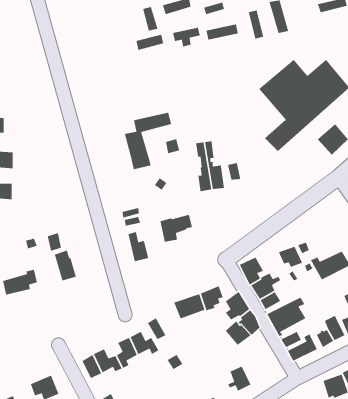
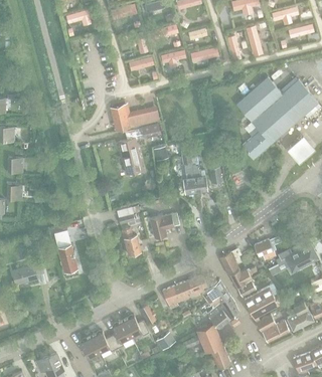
building: none -> [109,104,158,130]
building: none -> [181,323,221,352]

